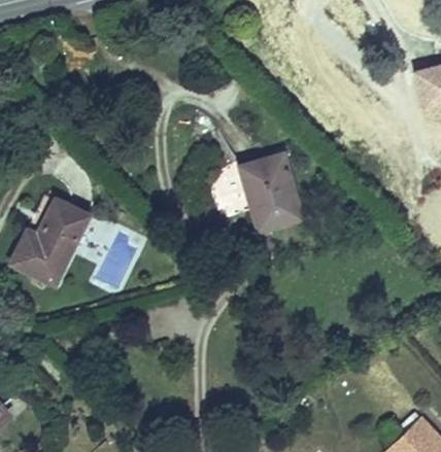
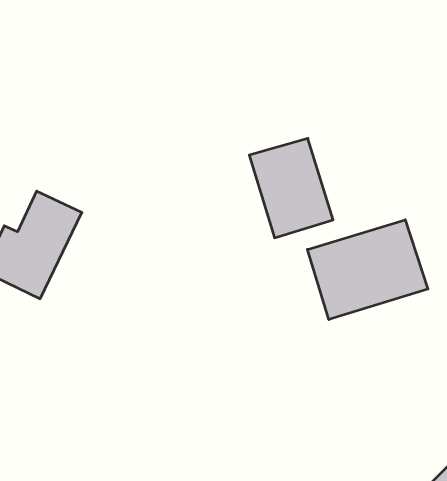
building: none -> [307,220,428,320]

